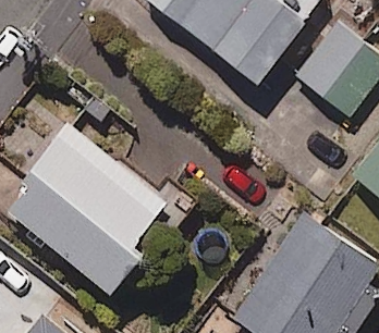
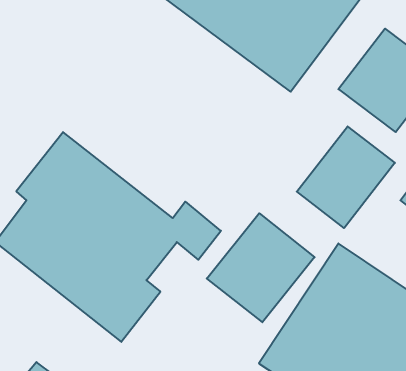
building: none -> [297,126,395,228]
building: none -> [207,213,315,322]

